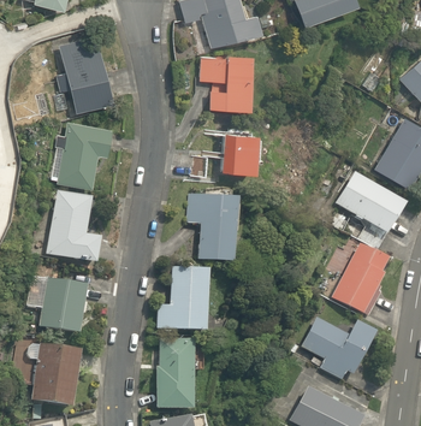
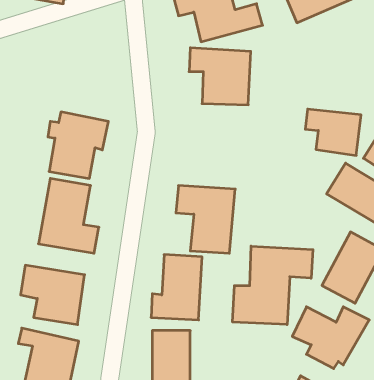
building: [55,32,114,113] -> none
building: [210,132,267,179] -> [305,109,361,155]
building: none -> [233,246,313,325]

